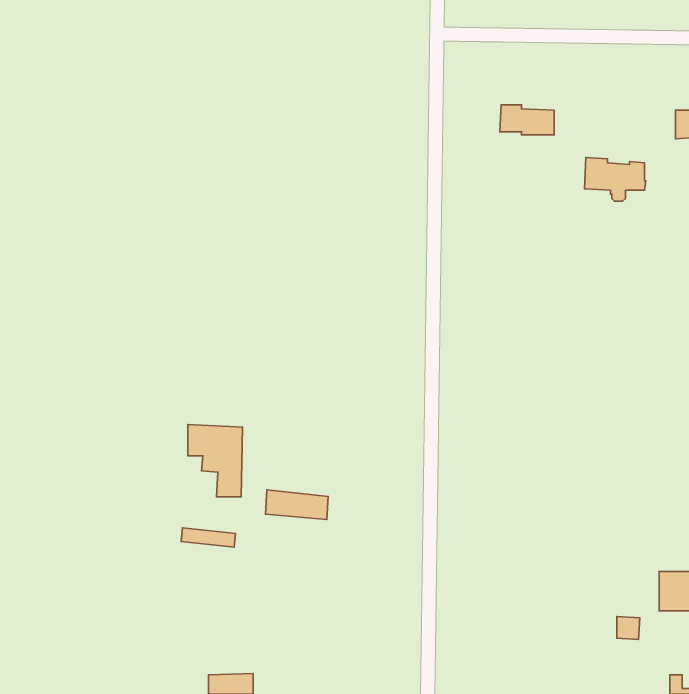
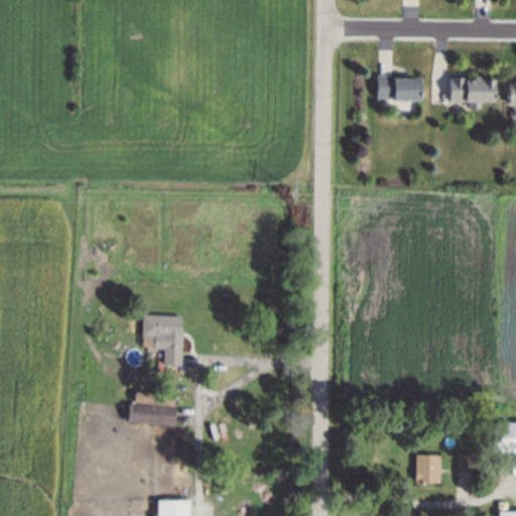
building: [585,158,646,201] -> [445,78,491,110]
building: [265,490,328,520] -> [130,402,176,424]
building: none -> [416,455,442,484]

